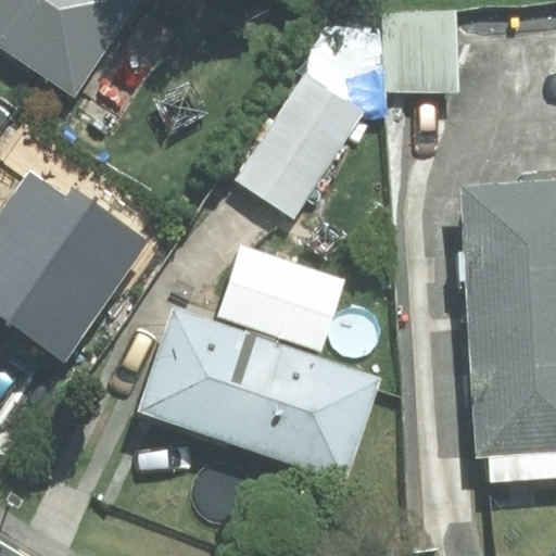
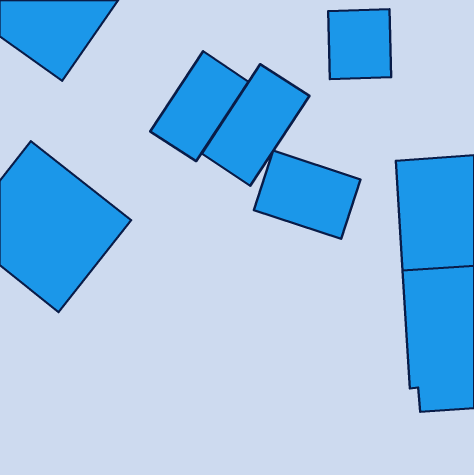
building: none -> [150,51,249,161]
building: [217,247,342,350] -> [254,151,361,239]
building: [138,311,378,480] -> none

